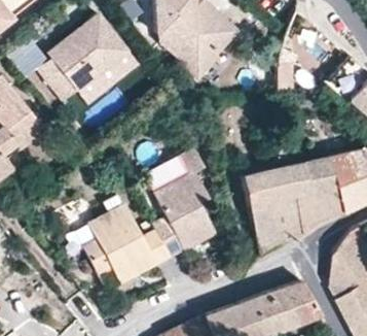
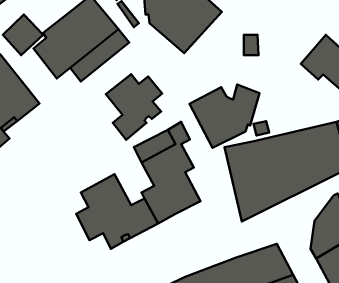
building: none -> [106,74,162,140]
building: none -> [190,85,259,148]

